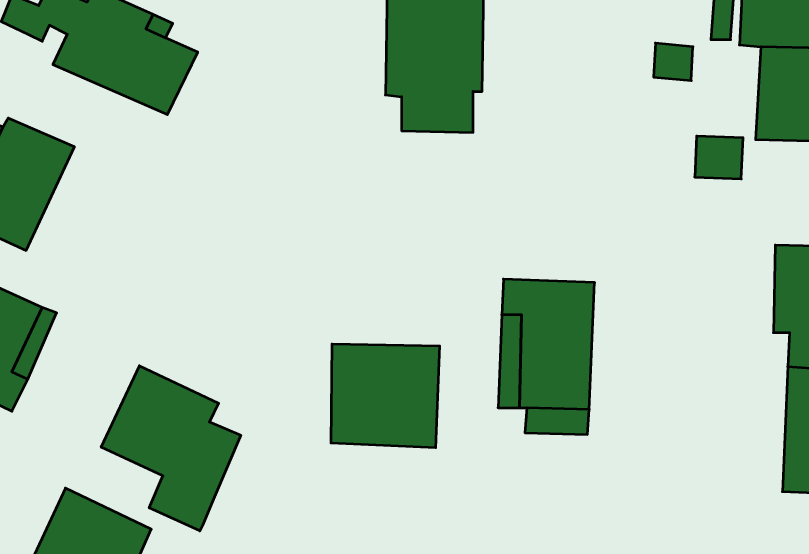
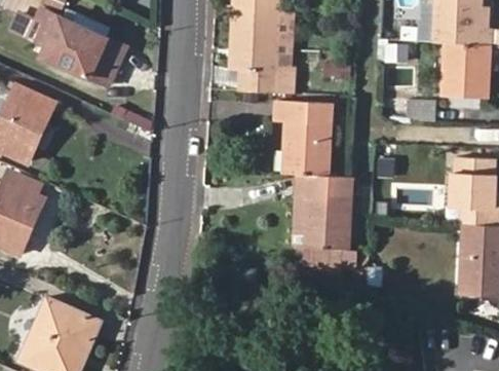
building: none -> [273,100,328,178]
building: [331,344,440,448] -> none
building: [101,366,241,531] -> none

